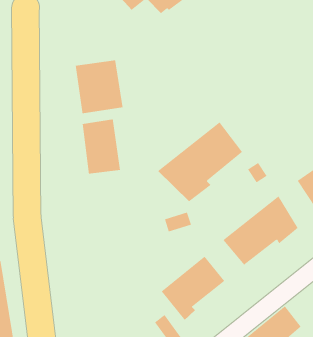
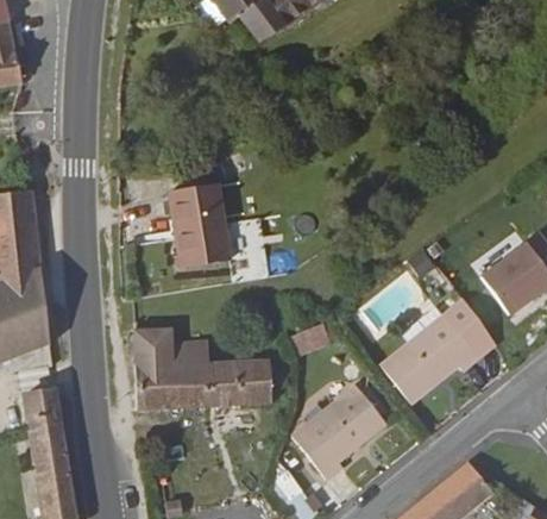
building: [75,60,123,114] -> none
building: [157,121,243,202] -> none
building: none -> [134,332,275,411]

